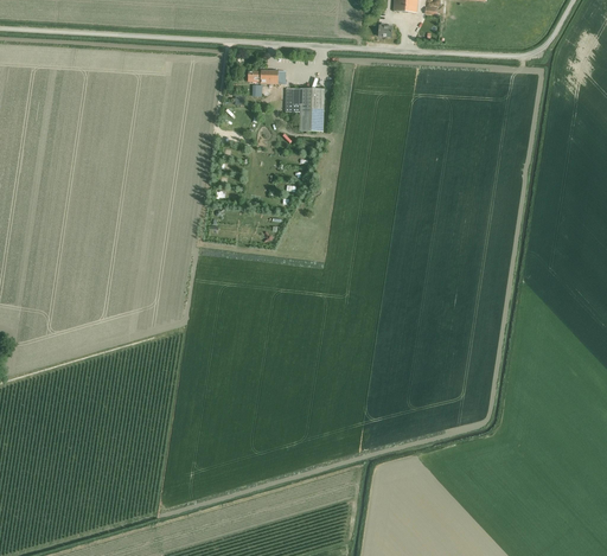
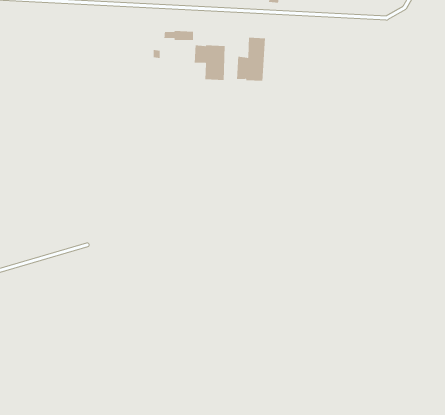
building: none -> [236,37,266,82]

